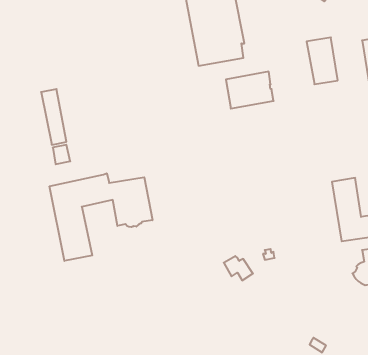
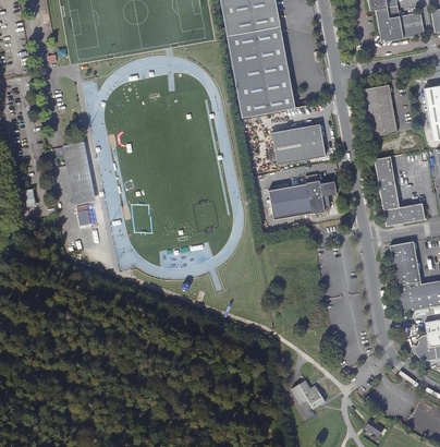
building: none -> [375,156,426,227]
building: none -> [269,179,338,216]
building: [50,173,152,261] -> none
building: [224,256,253,280] -> [293,383,326,410]

